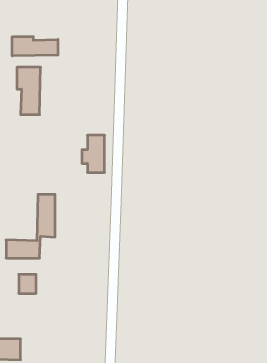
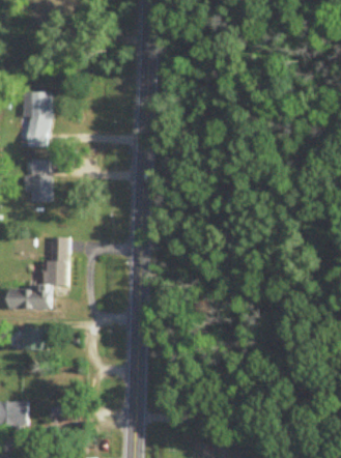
building: [12,37,58,56] -> none
building: [82,135,105,172] -> [24,160,50,202]

